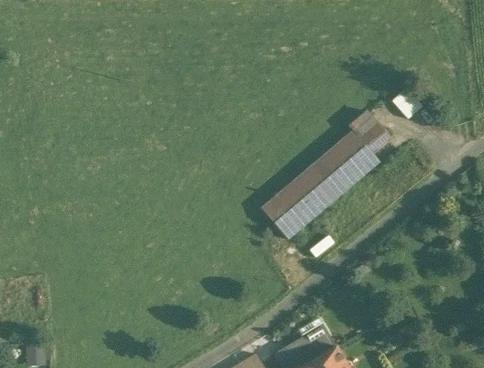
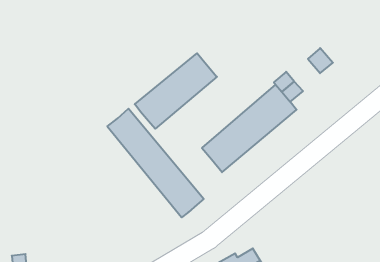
building: none -> [135,53,217,129]
building: none -> [107,109,204,217]

